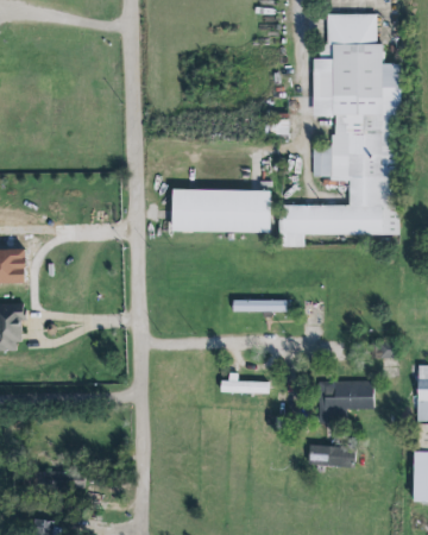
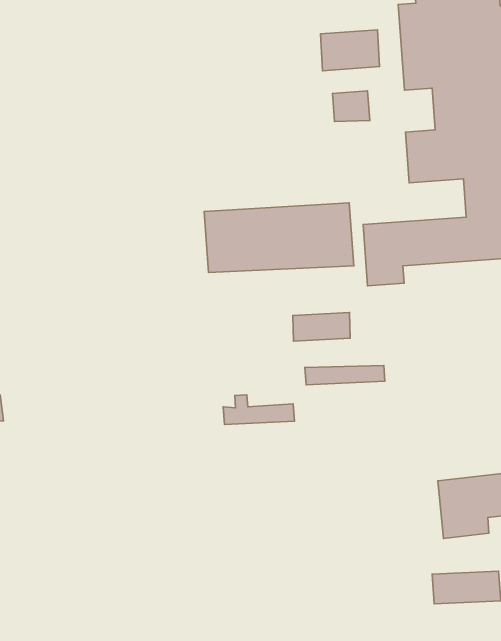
building: none -> [320,30,379,71]
building: none -> [293,313,350,341]
building: [221,373,269,394] -> [223,395,295,424]

